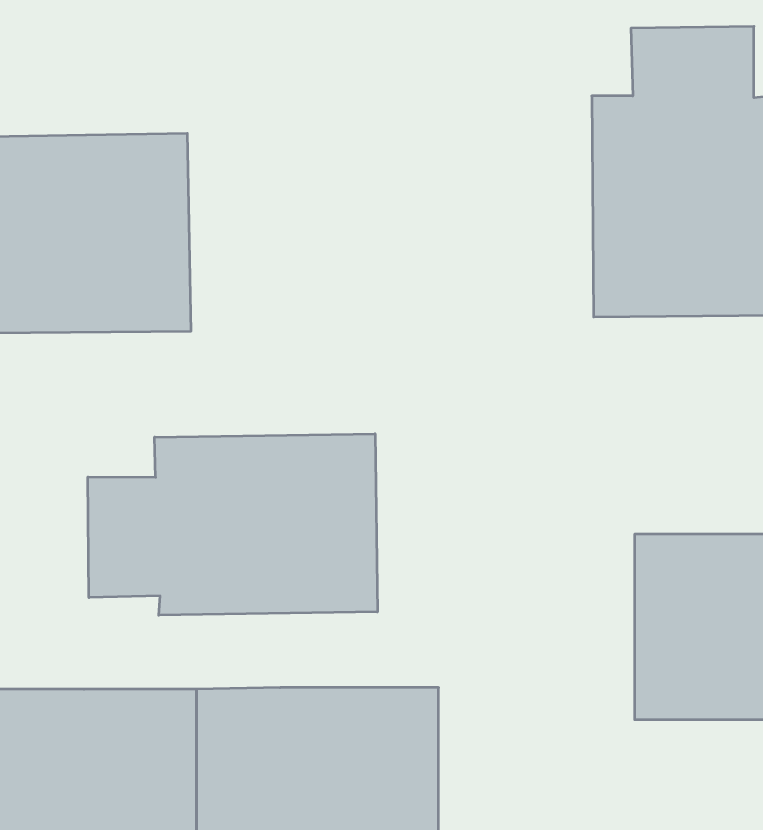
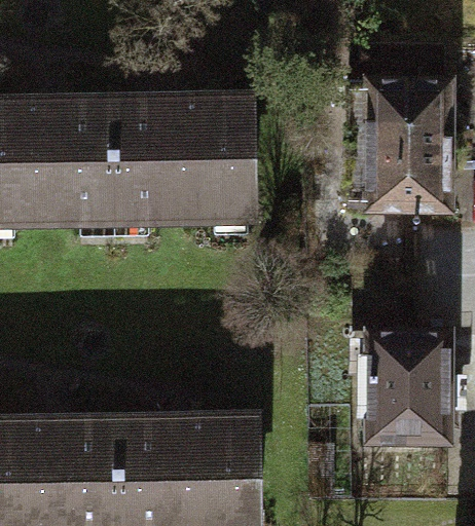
building: none -> [114,99,254,215]
building: [88,434,377,615] -> none

